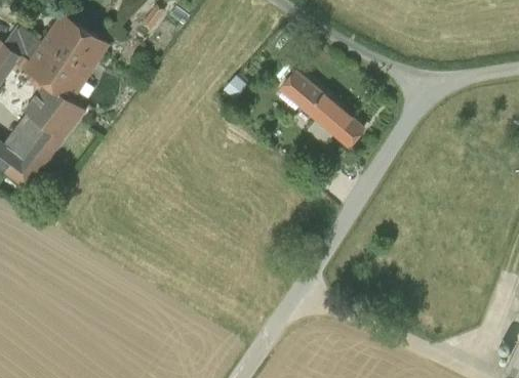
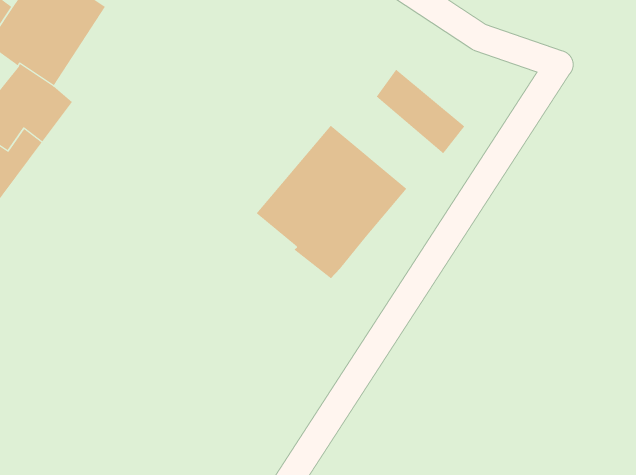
building: [279,71,314,107] -> none
building: none -> [256,125,407,279]

